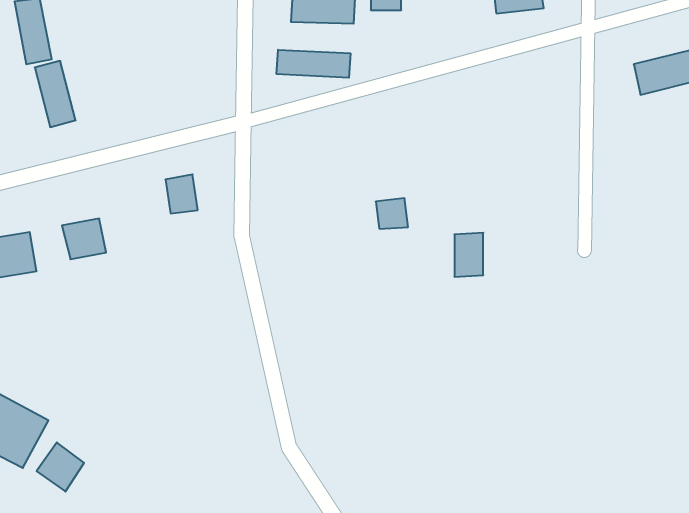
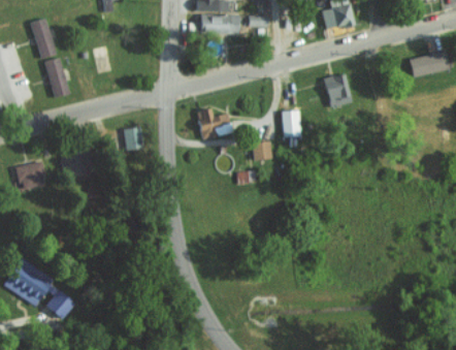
building: [277,50,350,78] -> none
building: none -> [324,74,352,107]
building: none -> [196,108,232,139]
building: [454,233,483,277] -> [282,110,299,137]

